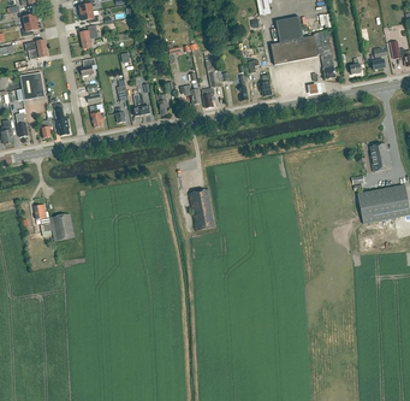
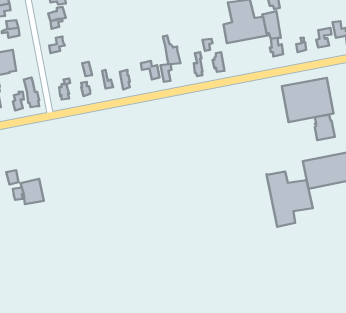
building: none -> [282,78,334,122]
building: [189,189,216,231] -> none
building: none -> [267,172,313,227]

